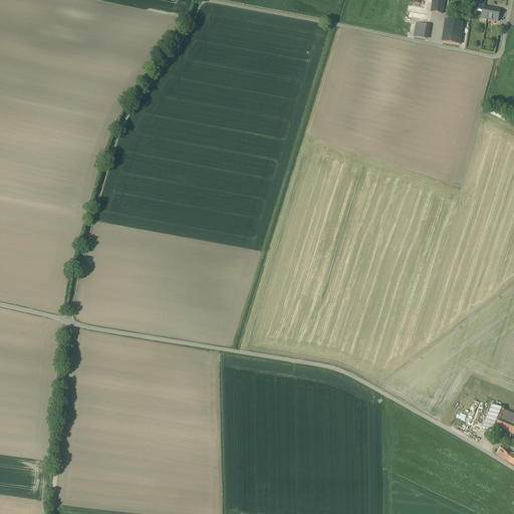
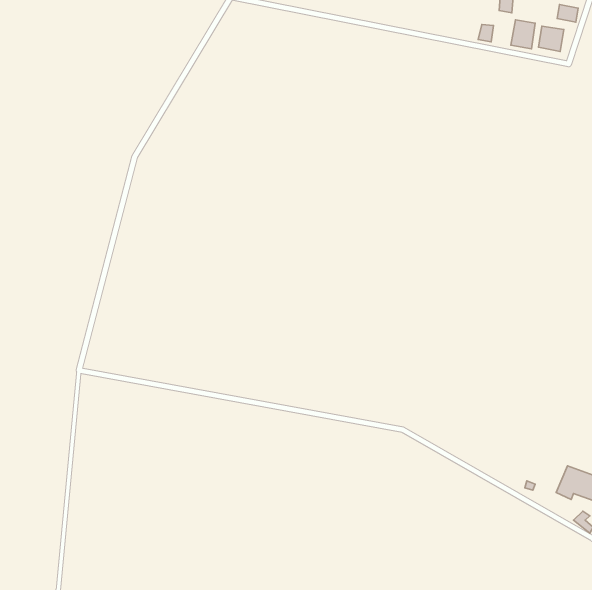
building: none -> [539,26,564,52]

